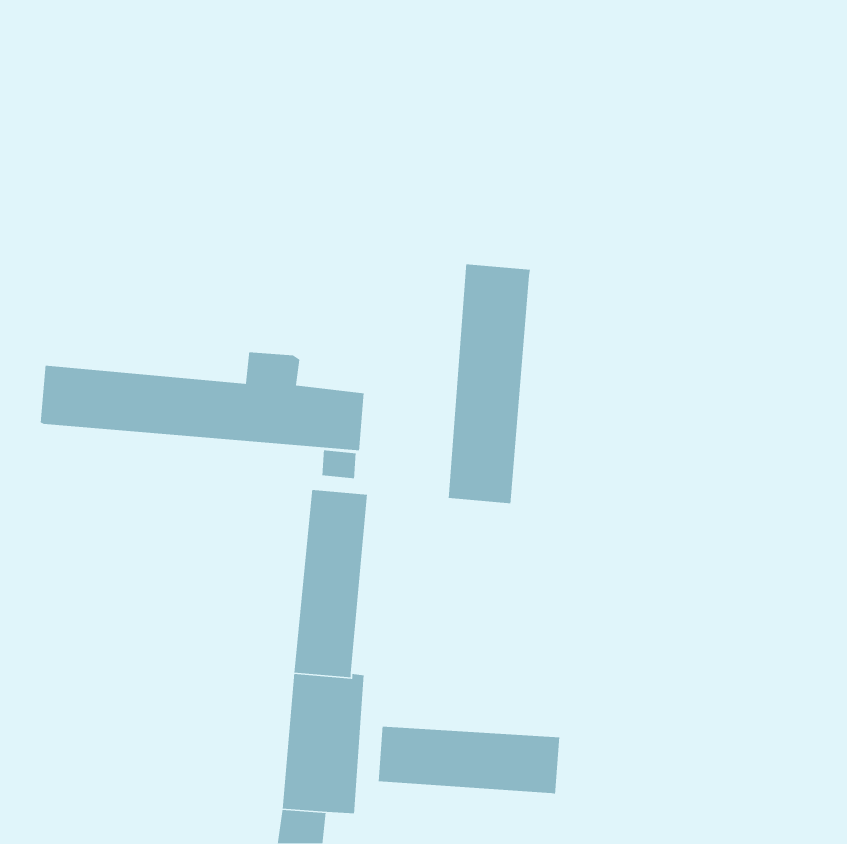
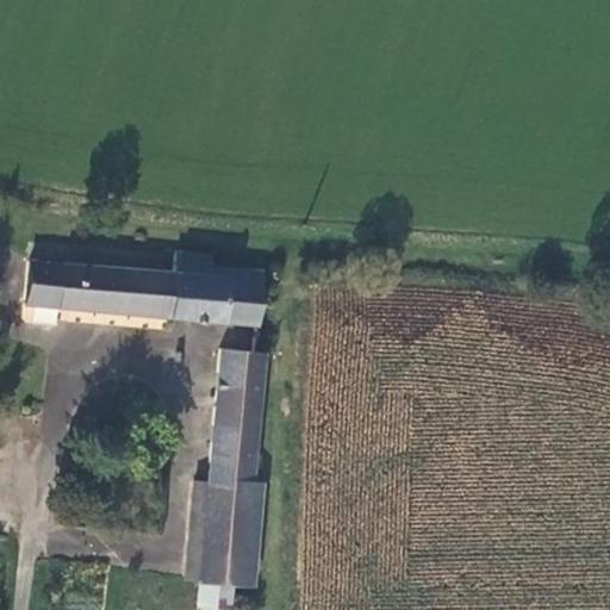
building: [448,263,531,504] -> none
building: [378,726,560,794] -> none

